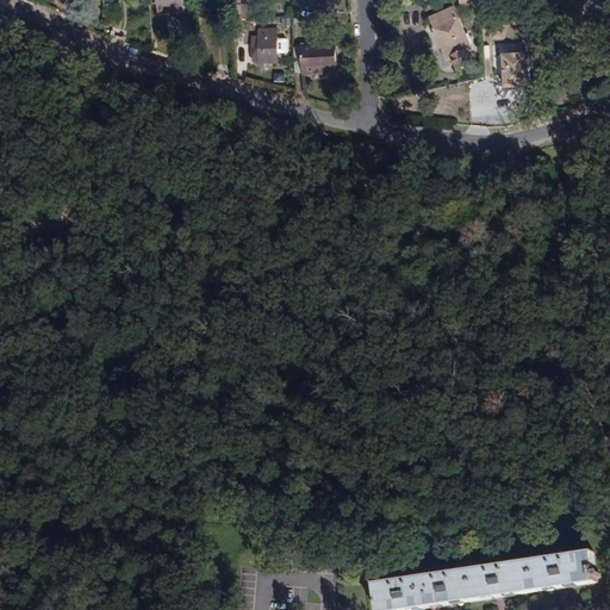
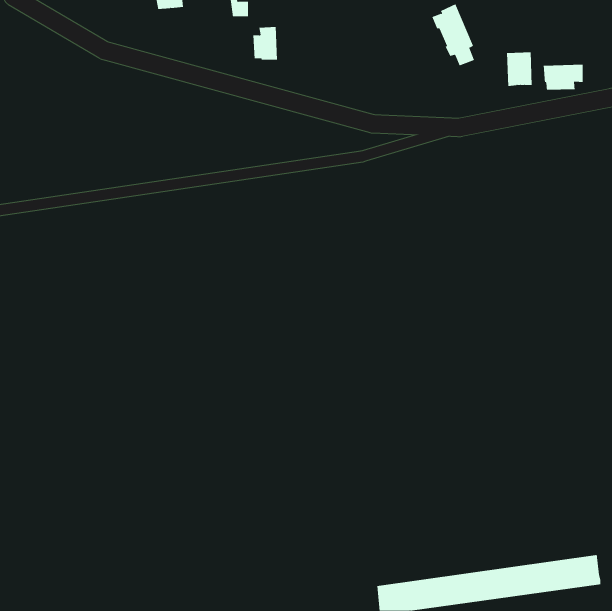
building: [291,43,335,71] -> none
building: none -> [543,64,583,90]

